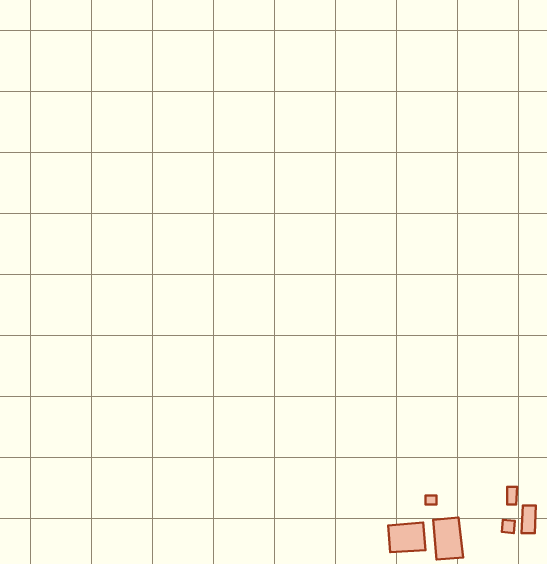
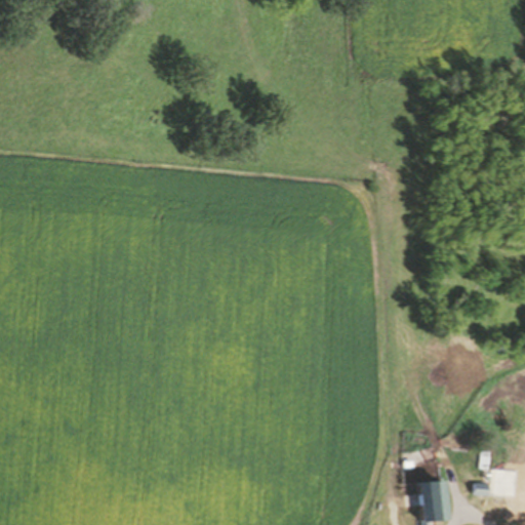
building: [388,522,426,552] -> none

